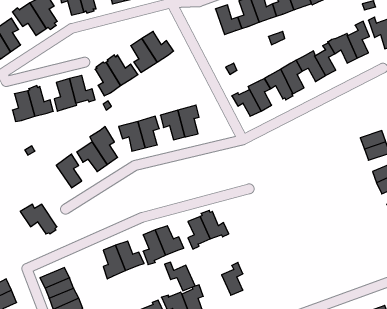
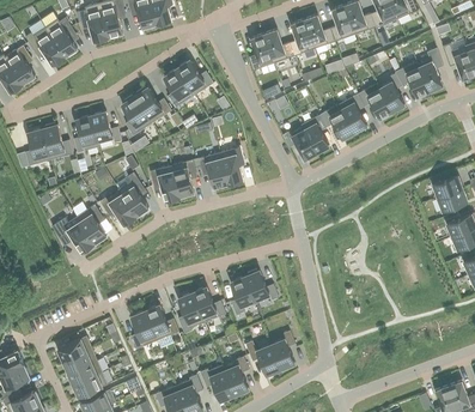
building: none -> [249,35,274,72]
building: [20,204,57,234] -> [51,218,95,253]
building: [165,262,195,291] -> [245,343,281,376]

